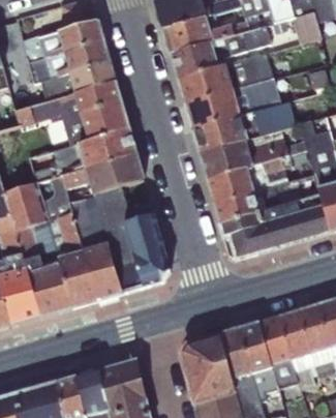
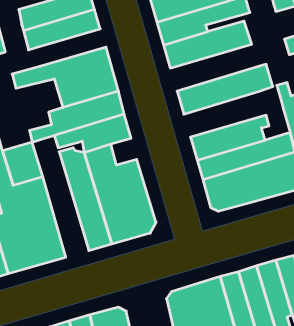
building: [41,60,116,100] -> none
building: [185,77,281,127] -> none
building: [200,127,307,177] -> none
building: [41,175,97,306] -> none

